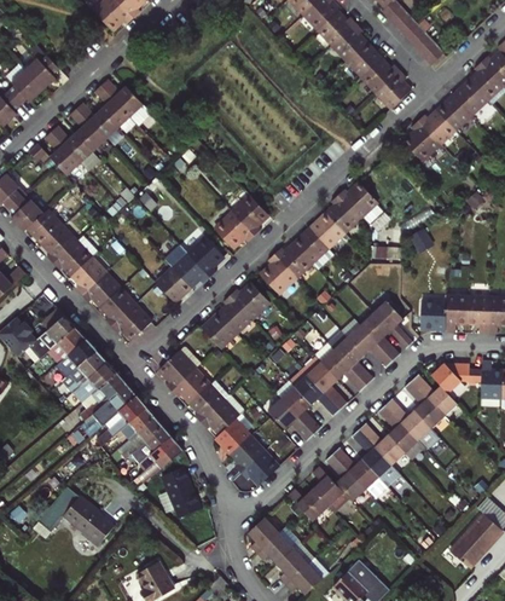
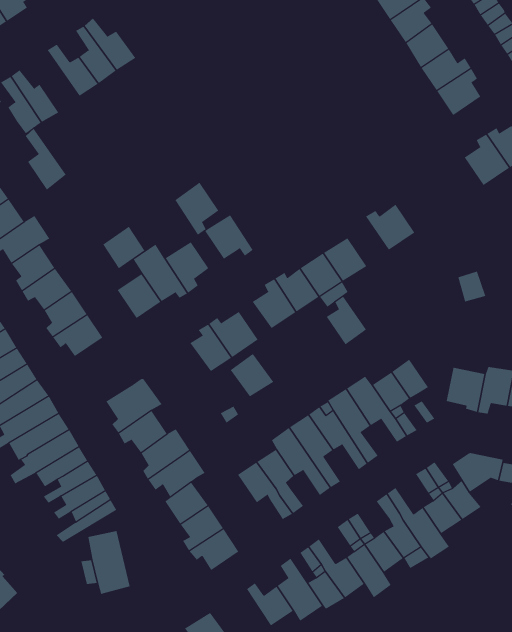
building: [68,109,104,155] -> [25,128,66,190]
building: [233,195,268,236] -> [175,182,219,236]
building: [325,197,358,235] -> [326,296,367,345]
building: none -> [103,226,145,269]
building: [202,314,237,348] -> [230,353,274,397]

